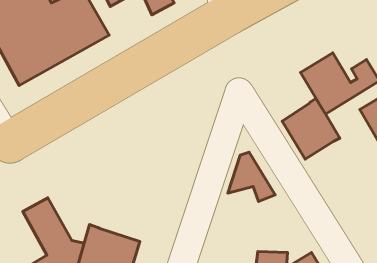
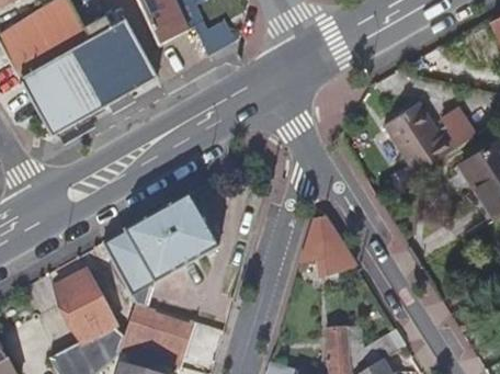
building: [282,99,340,159] -> none
building: none -> [104,195,218,306]

